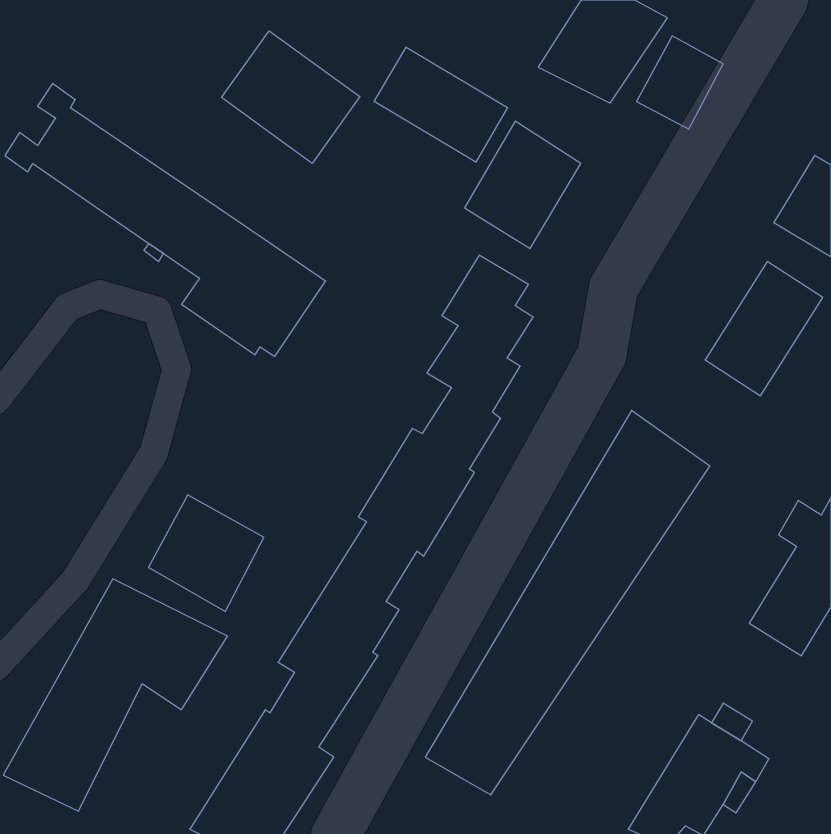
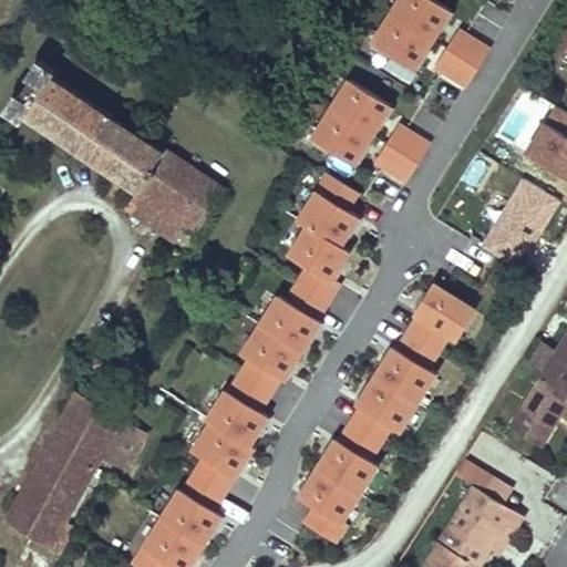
building: [222,31,360,163] -> none
building: [374,47,508,162] -> none
building: none -> [374,123,429,181]
building: [149,495,264,611] -> none

